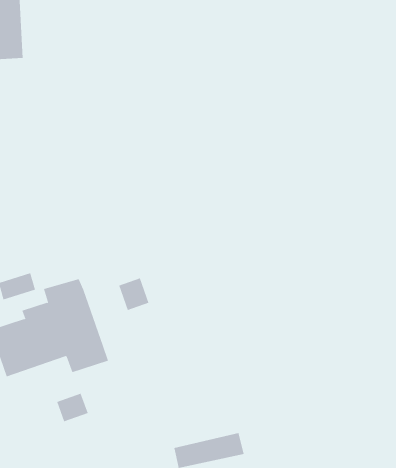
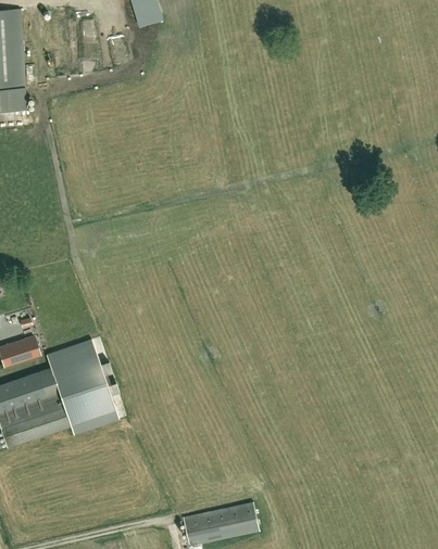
building: [119,277,149,311] -> none
building: [56,393,88,422] -> none

